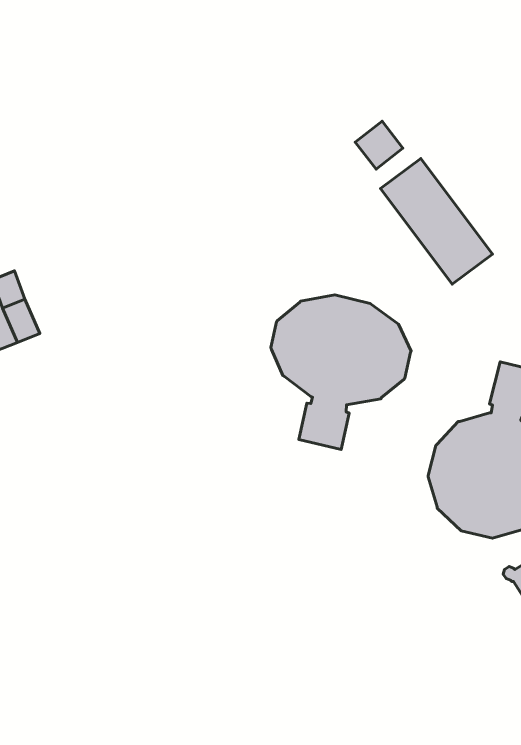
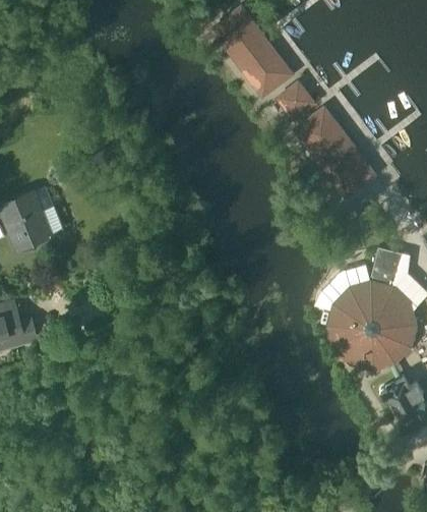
building: none -> [215,8,291,95]
building: [271,295,411,449] -> none

